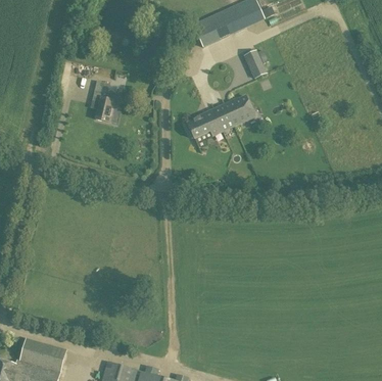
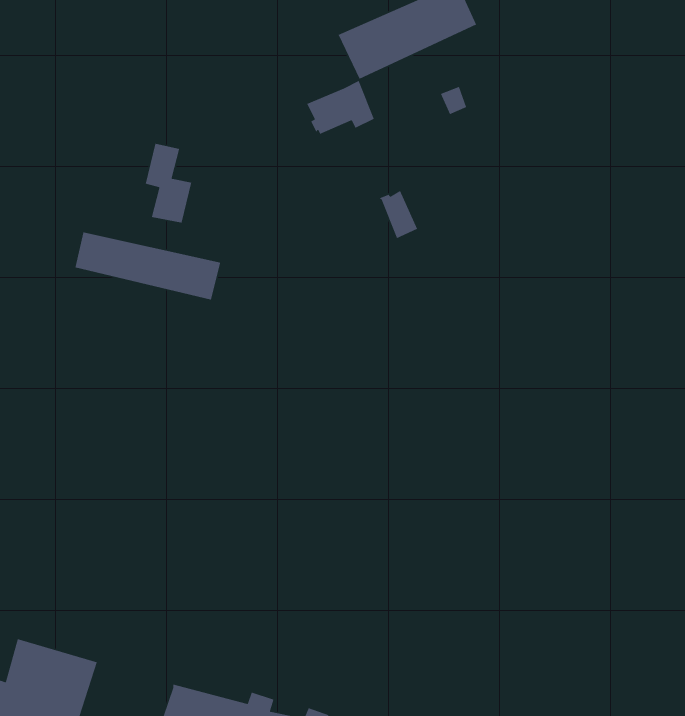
building: [224,97,253,126] -> none
building: [186,110,222,139] -> [306,80,375,135]
building: none -> [75,231,221,300]

